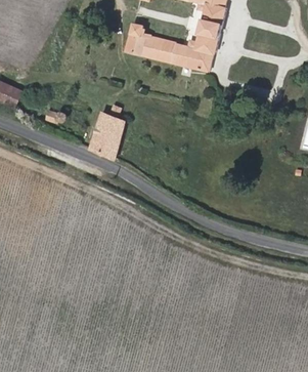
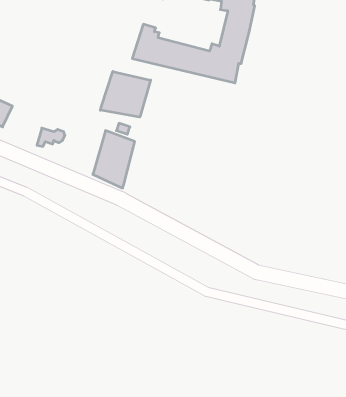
building: none -> [100,71,151,117]

